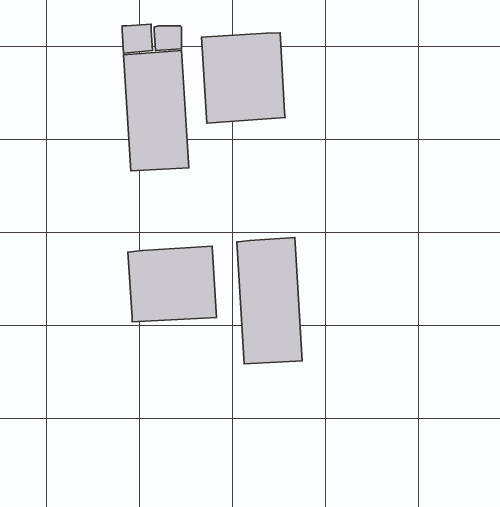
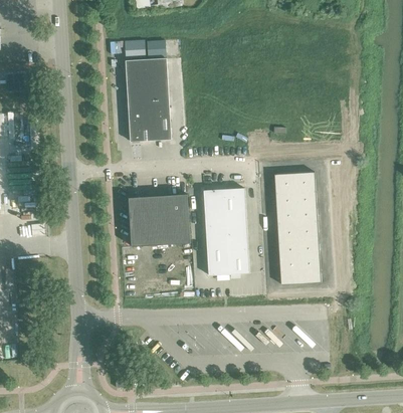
building: [202,33,285,123] -> none
building: none -> [274,172,322,285]

